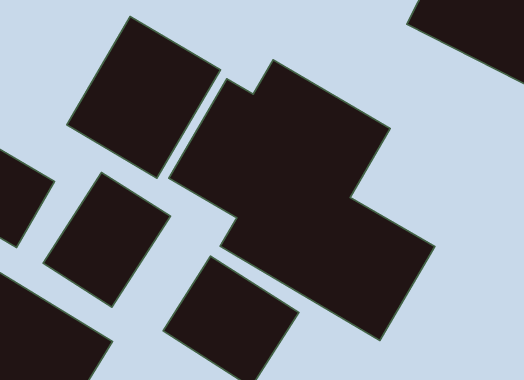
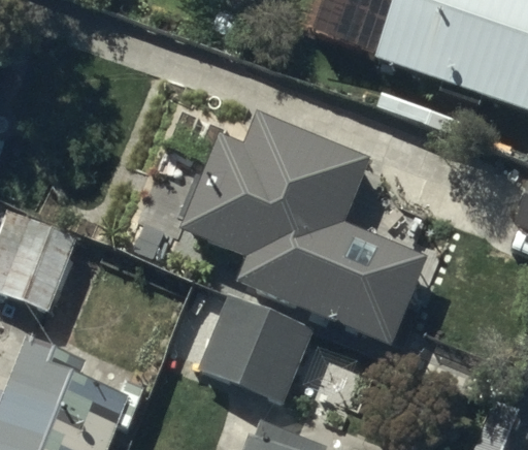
building: [67,17,220,178] -> none
building: [43,172,170,307] -> none

